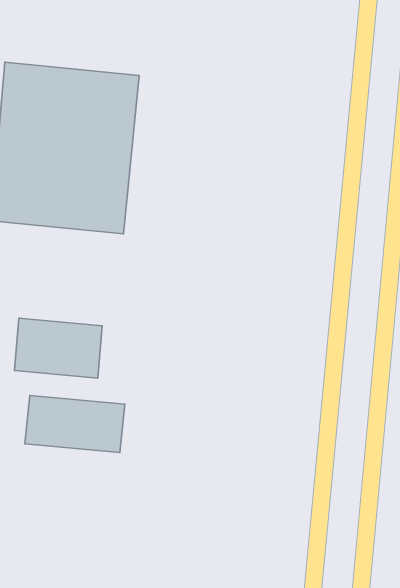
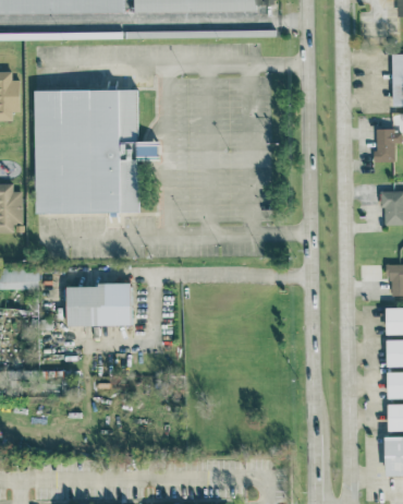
building: [25,395,125,452] -> none

